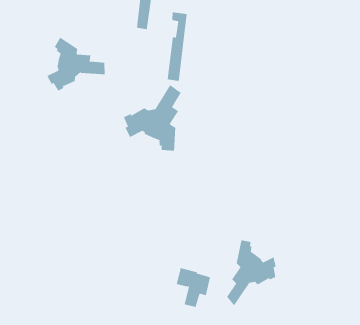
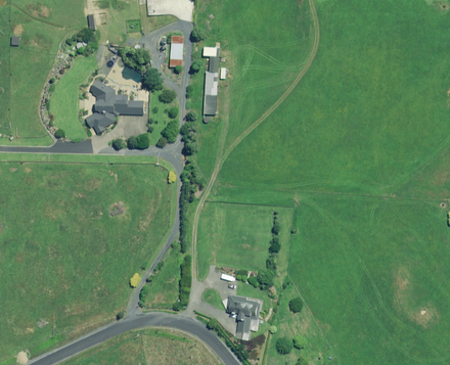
building: [123,84,182,152] -> none
building: [226,239,276,306] -> none

